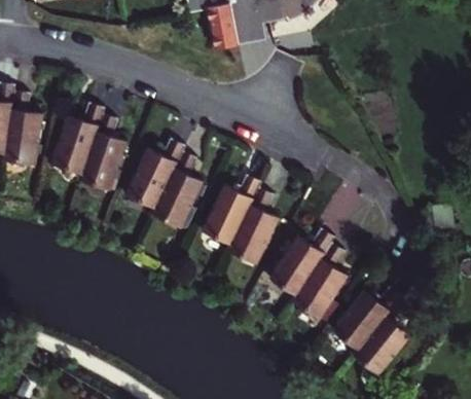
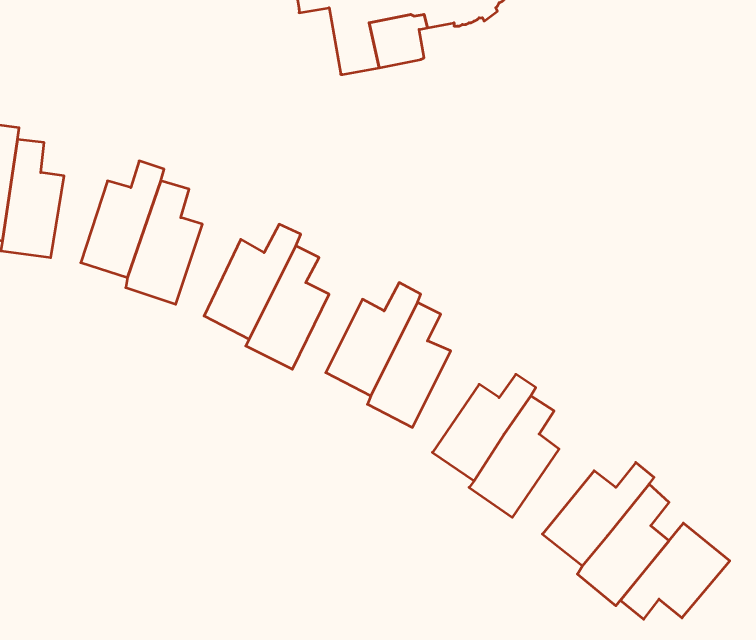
building: none -> [620,523,730,619]

